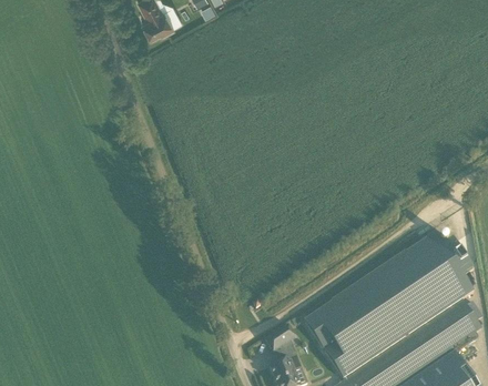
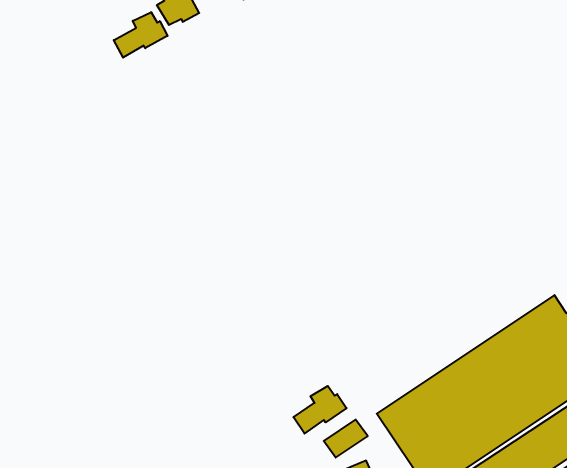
building: none -> [114,12,168,58]
building: none -> [293,386,347,434]

